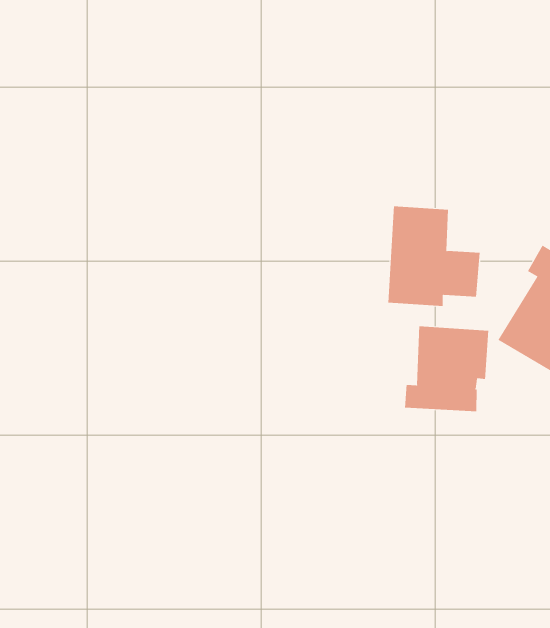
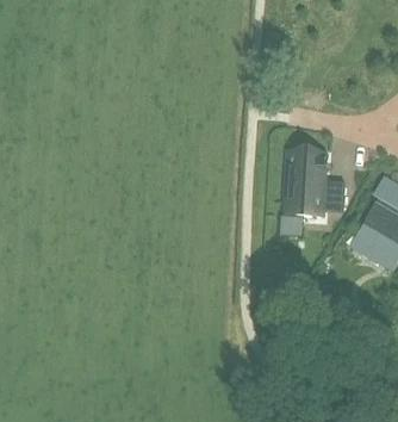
building: [404,326,489,412] -> none

